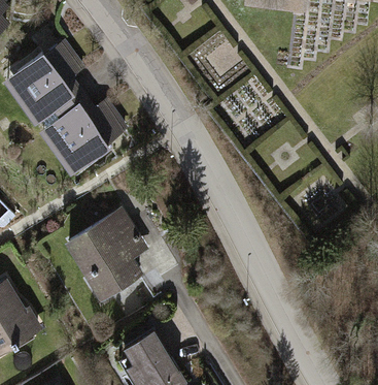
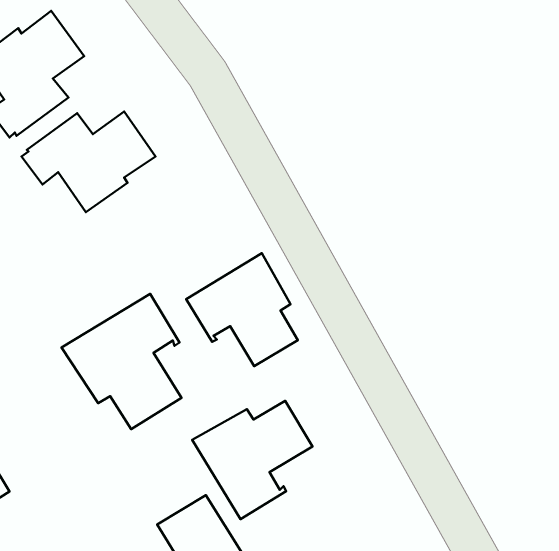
building: none -> [186,253,298,366]
building: none -> [192,401,312,519]

